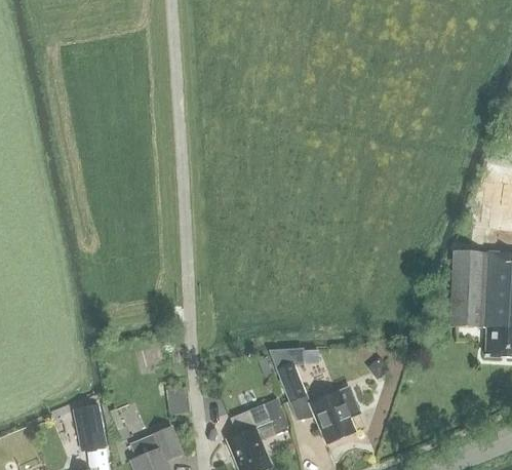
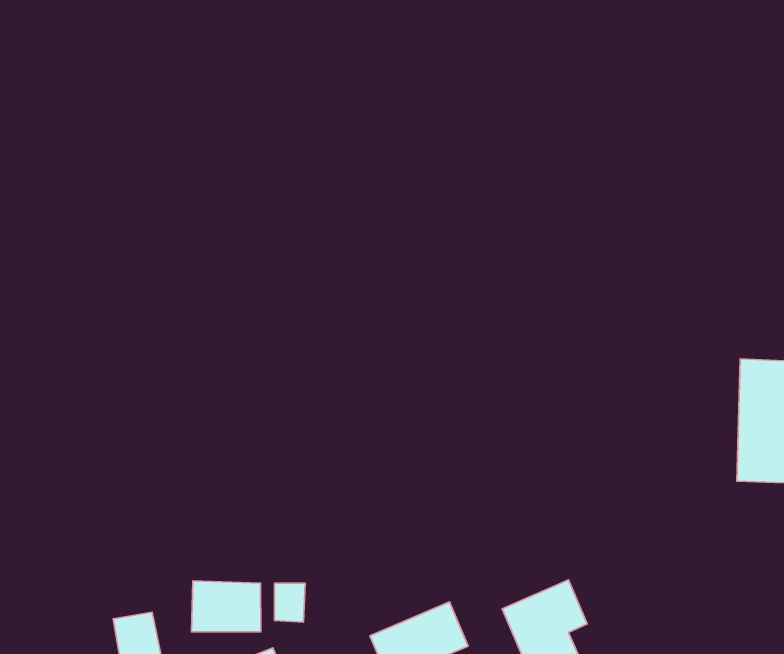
building: [268,347,307,401] -> none
building: none -> [192,581,261,632]

